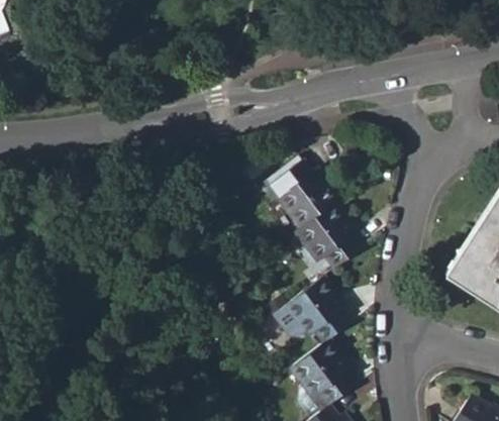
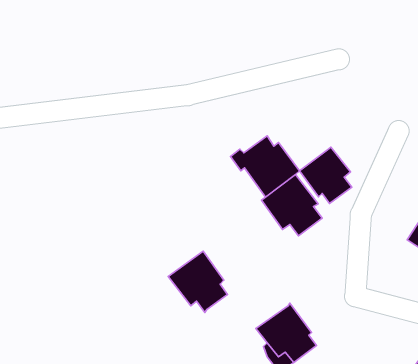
building: none -> [299,147,352,203]
building: [283,279,346,344] -> [168,251,228,312]

